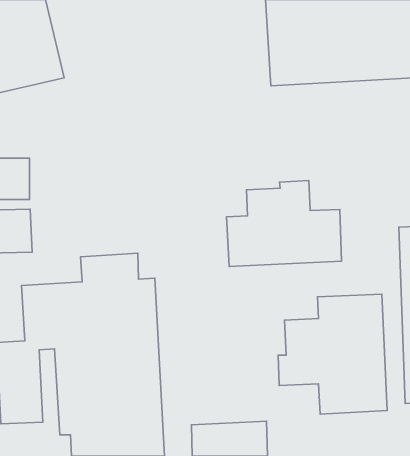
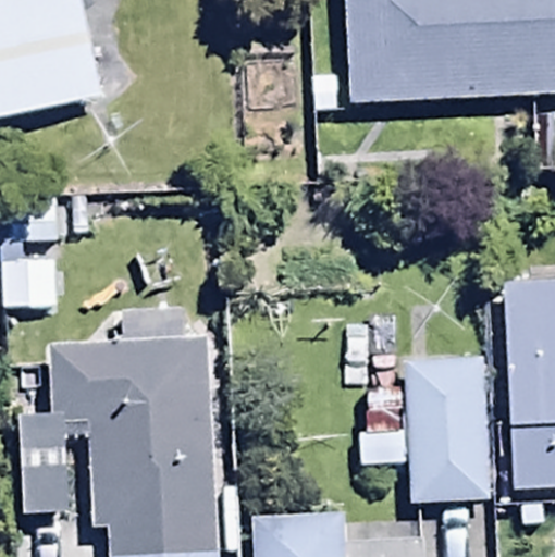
building: [227,180,342,266] -> none

